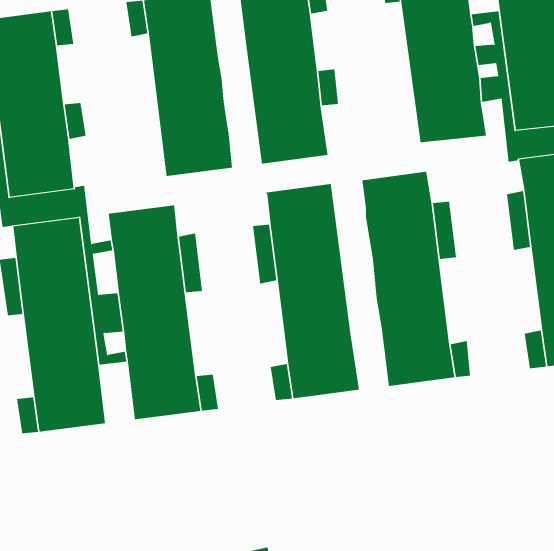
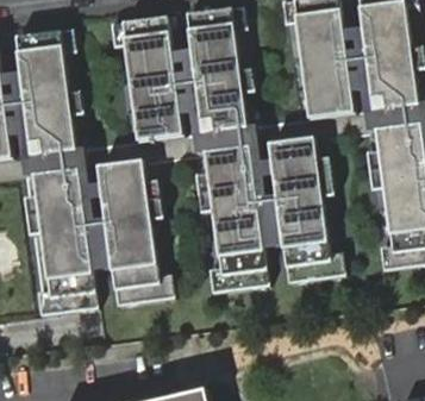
building: none -> [171,50,282,246]

